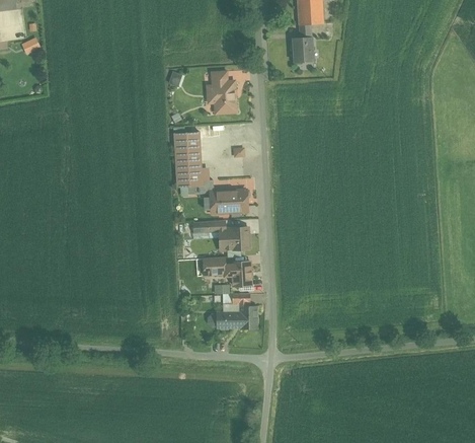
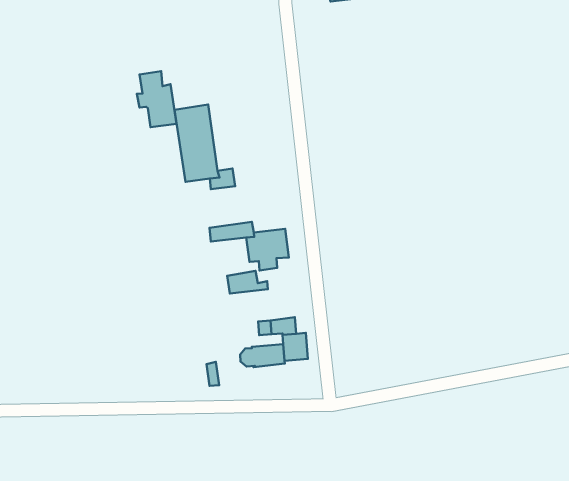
building: [207,71,234,112] -> [137,71,176,127]
building: [211,190,246,214] -> none
building: [230,261,250,285] -> none

